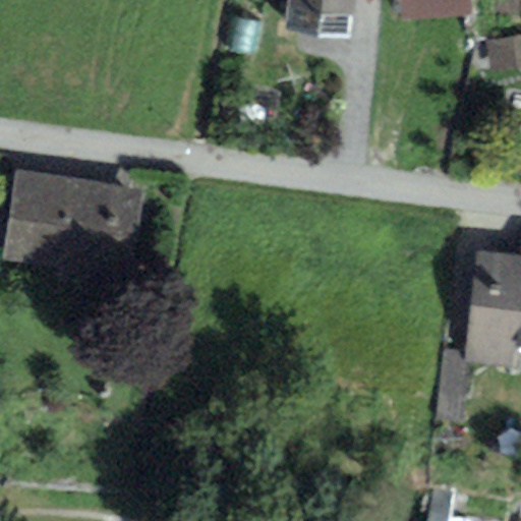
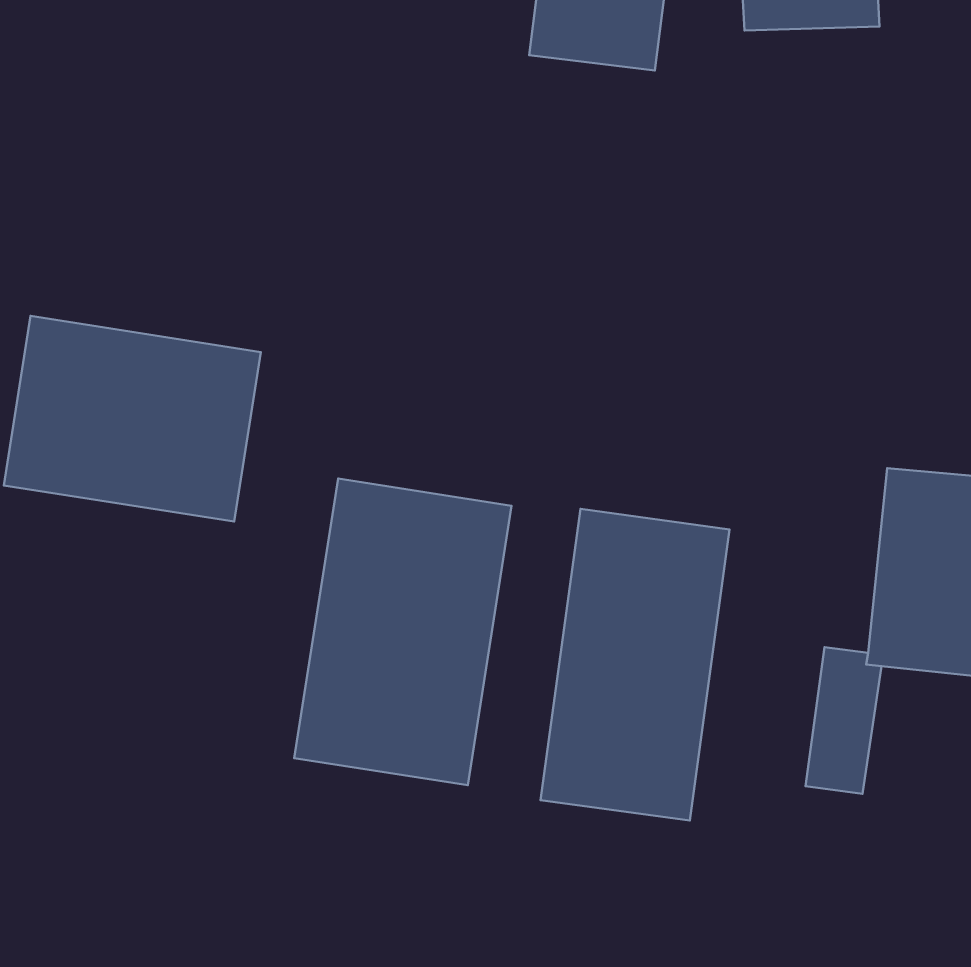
building: none -> [294,479,512,785]
building: none -> [541,509,730,821]

